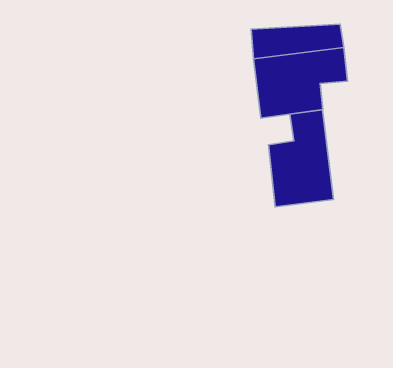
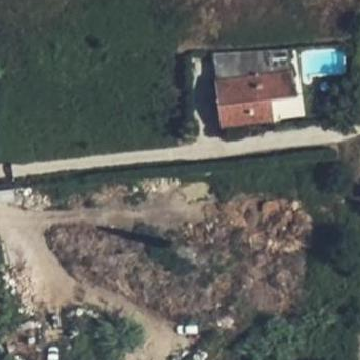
building: [269,110,334,207] -> none

